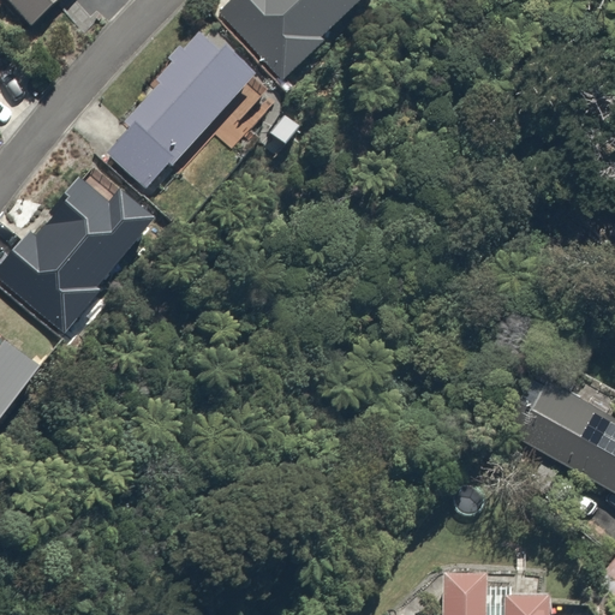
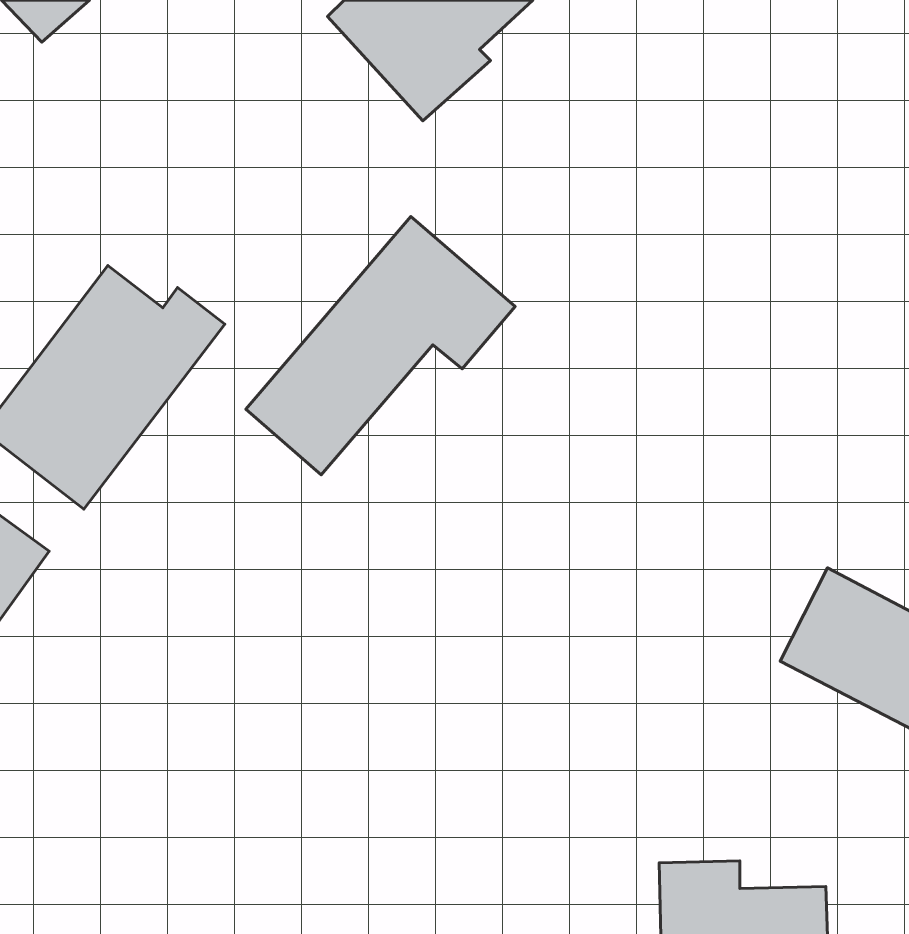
building: [98,26,275,196] -> [246,217,515,475]

